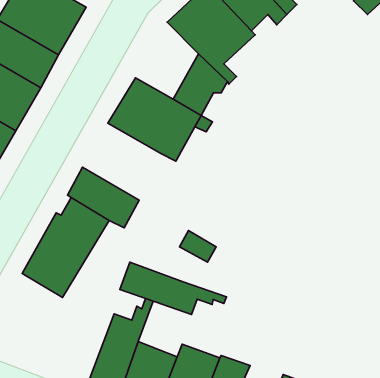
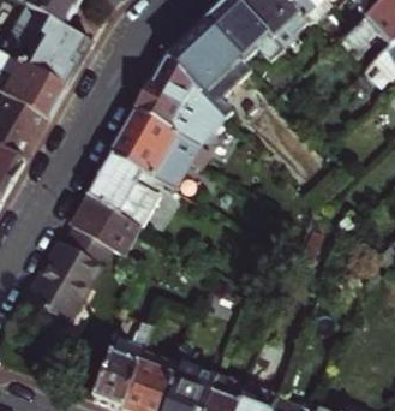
building: none -> [137,58,197,131]
building: none -> [86,154,161,227]
building: [120,262,226,315] -> none

